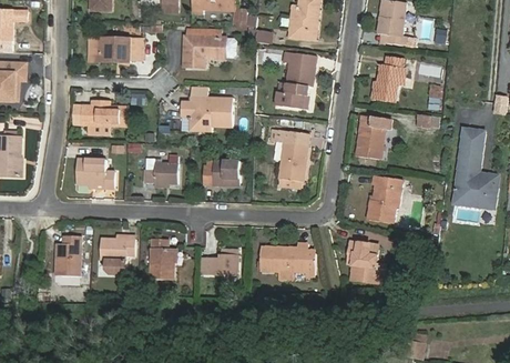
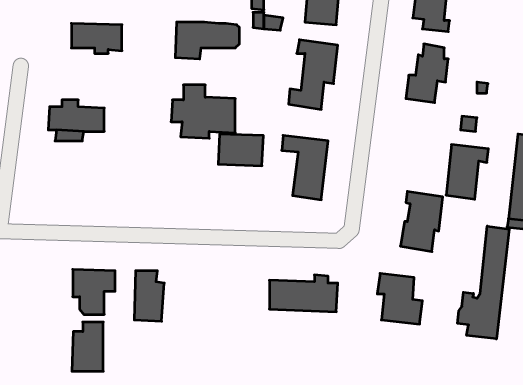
building: [357,114,391,159] -> [446,145,488,199]
building: [145,154,177,183] -> none
building: [76,159,115,188] -> none
building: [204,160,241,185] -> [218,134,263,166]
building: none -> [458,226,509,339]
building: [55,235,81,275] -> [72,322,103,371]
building: [202,254,238,274] -> none

